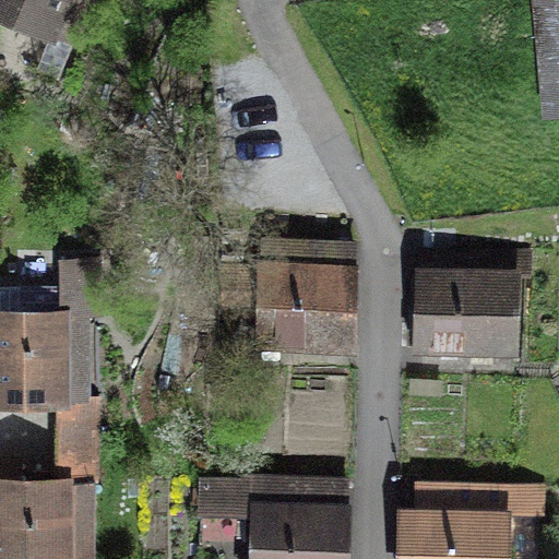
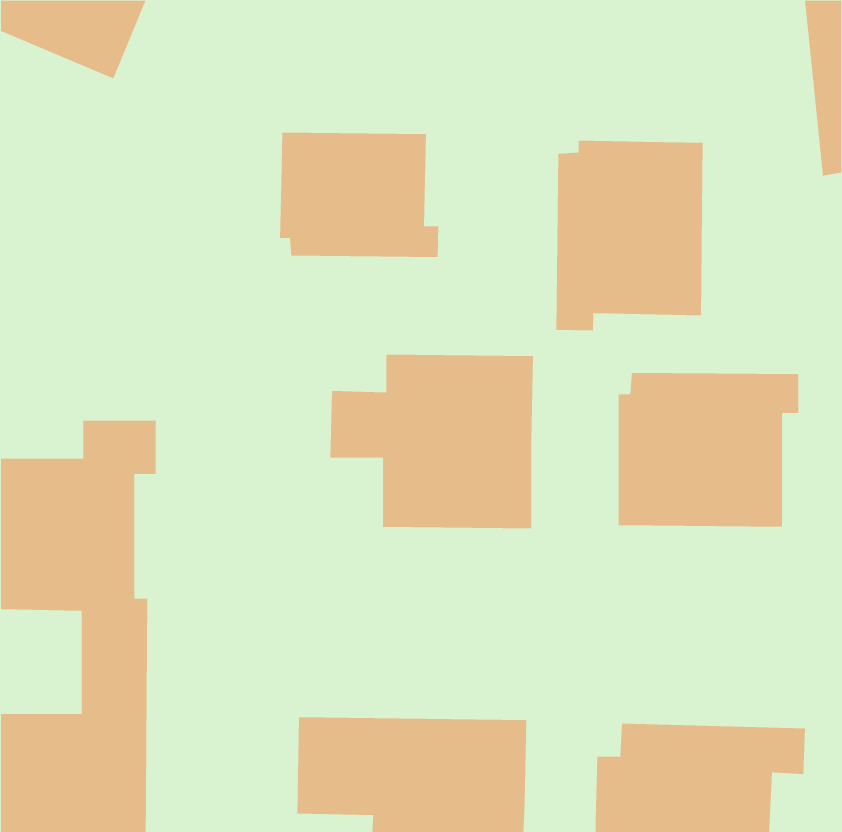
building: none -> [280,132,439,258]
building: none -> [556,140,703,331]

